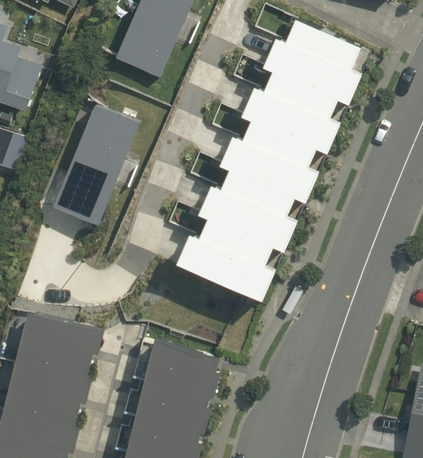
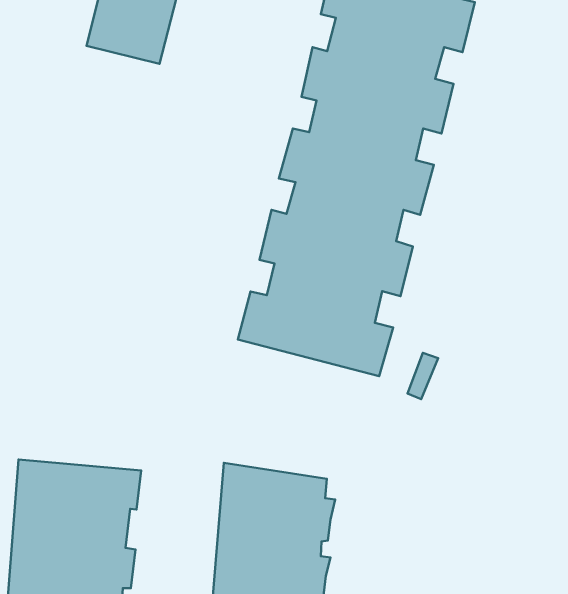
building: [53,105,139,224] -> none

